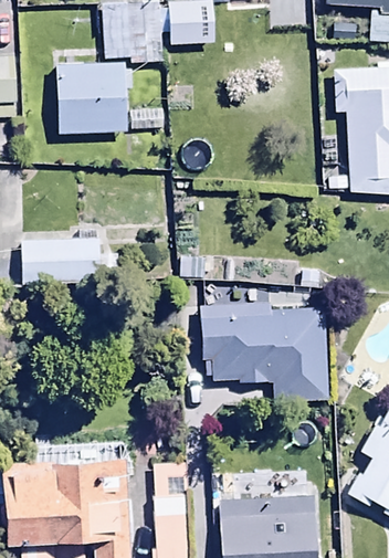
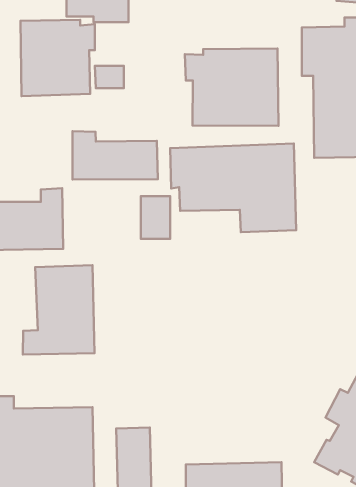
building: none -> [185,48,278,126]
building: none -> [73,131,158,180]
building: none -> [23,265,94,354]
building: [203,313,327,400] -> [170,144,296,232]

